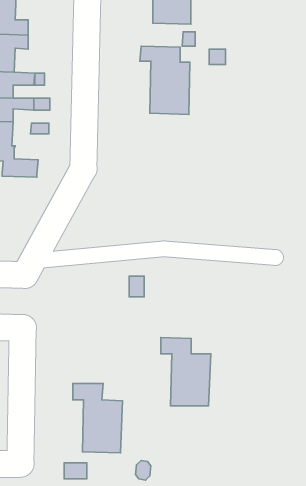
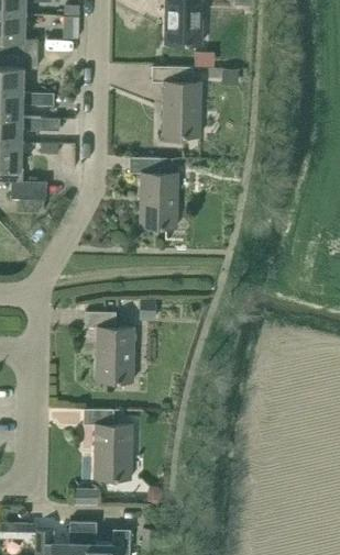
building: none -> [128,157,178,227]
building: [161,338,211,406] -> [85,312,135,381]

